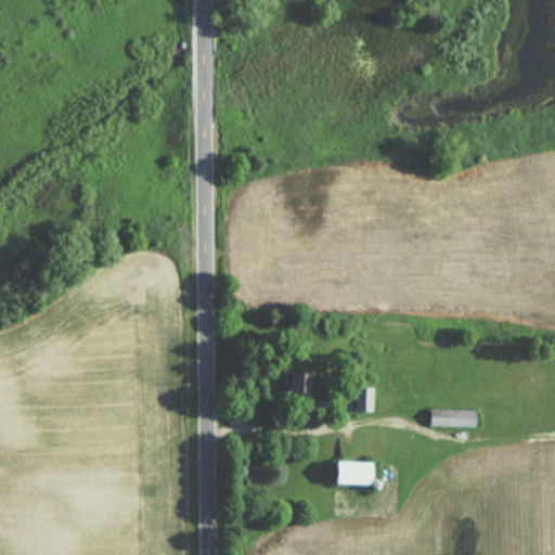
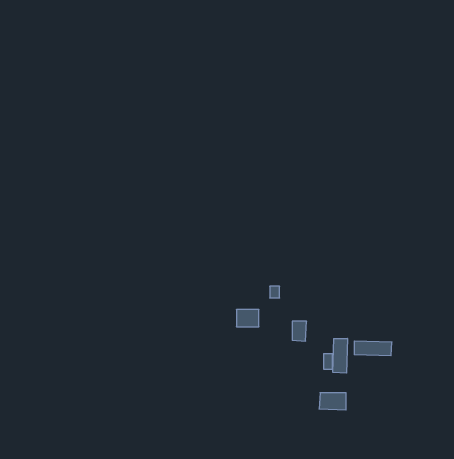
building: none -> [333,338,347,373]
building: [337,460,370,480] -> [319,393,346,410]

